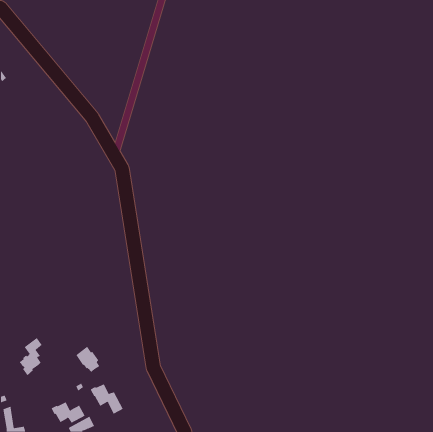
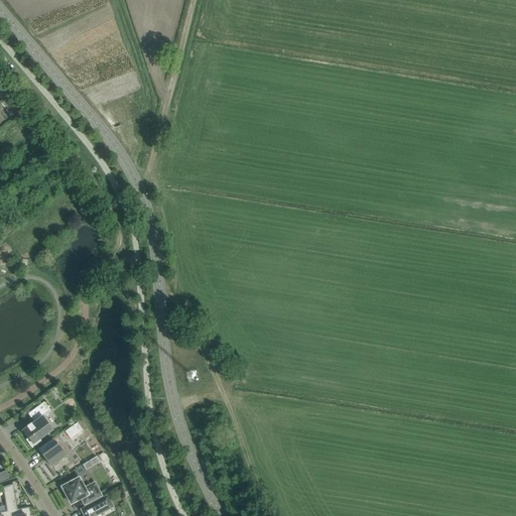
building: [75,346,100,373] -> [38,437,68,470]
building: [90,384,124,414] -> none

